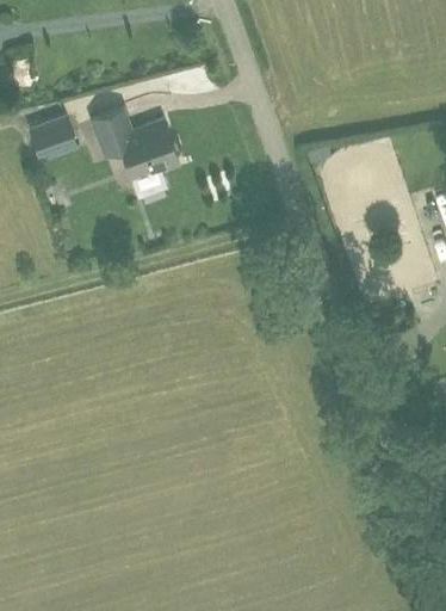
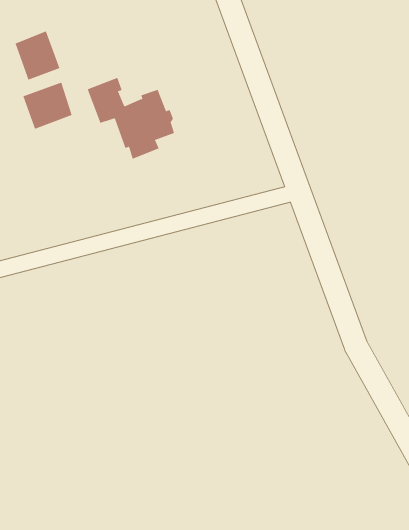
building: none -> [15,31,60,80]

